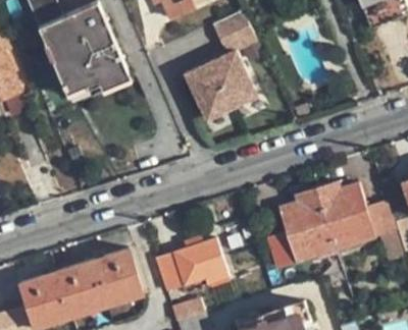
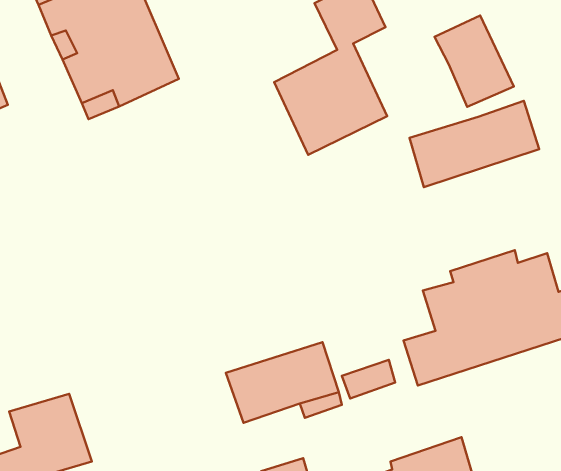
building: none -> [435,16,514,107]
building: none -> [410,101,539,187]
building: [57,251,141,316] -> none

